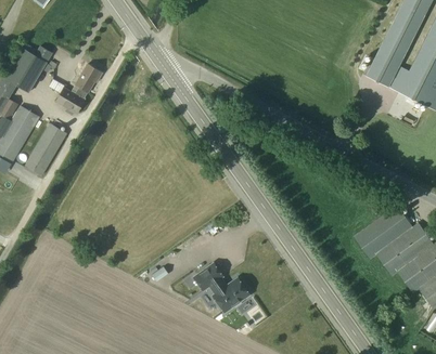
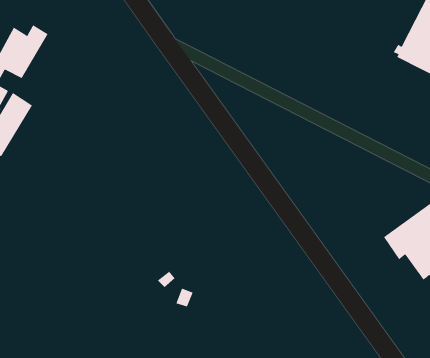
building: [56,64,102,116] -> none
building: [26,124,67,175] -> none
building: [193,262,248,311] -> none

